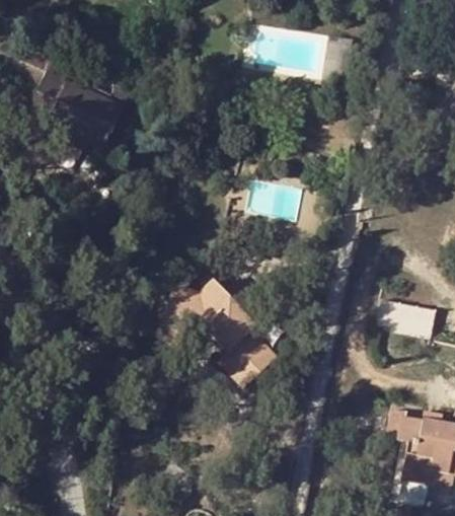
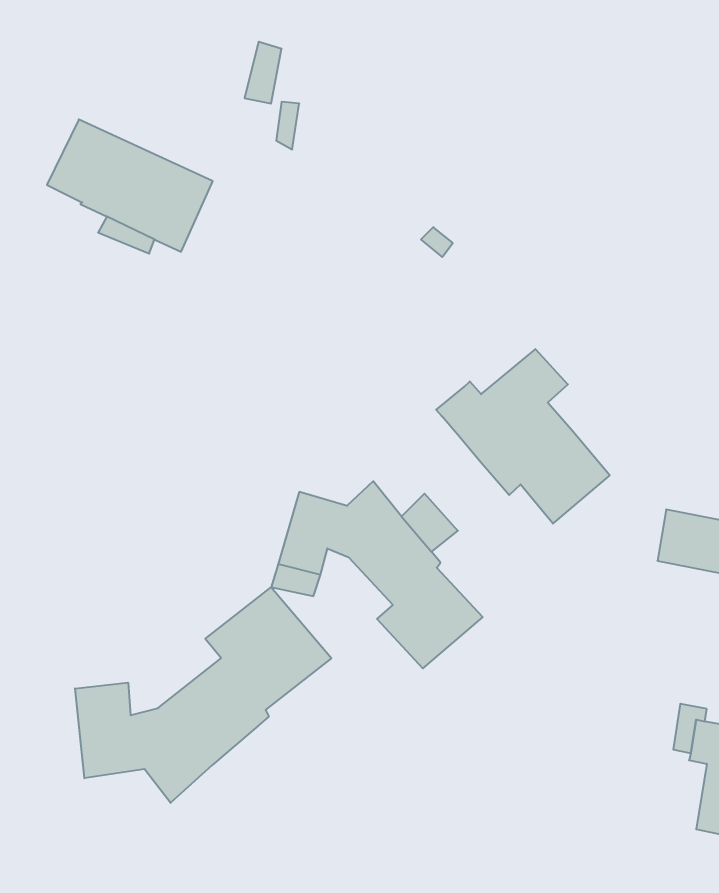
building: none -> [436,349,610,524]
building: none -> [75,587,331,803]

